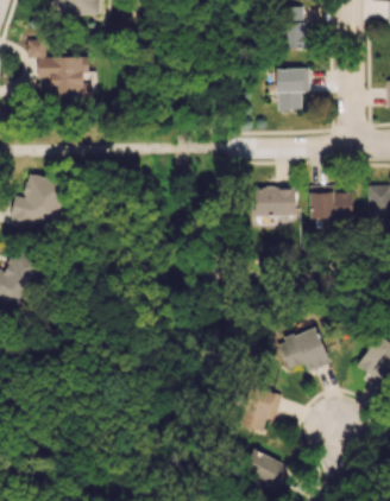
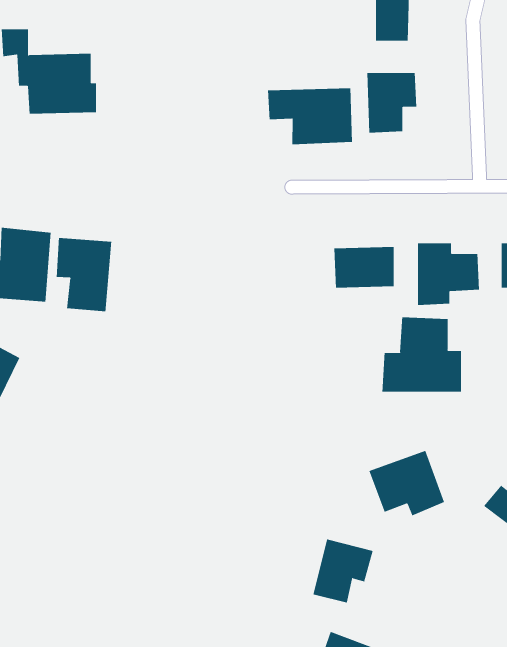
building: none -> [267,87,353,145]
building: none -> [56,237,112,312]
building: none -> [382,316,461,392]

